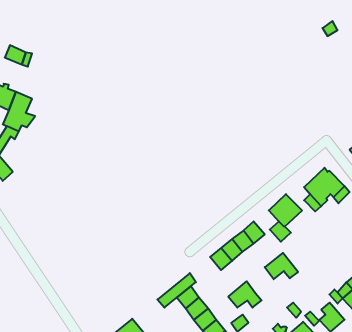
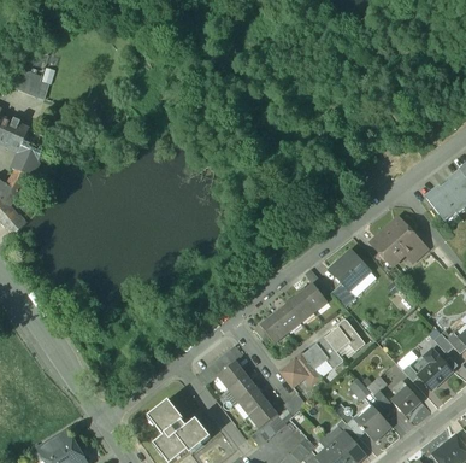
building: none -> [303,338,343,369]

